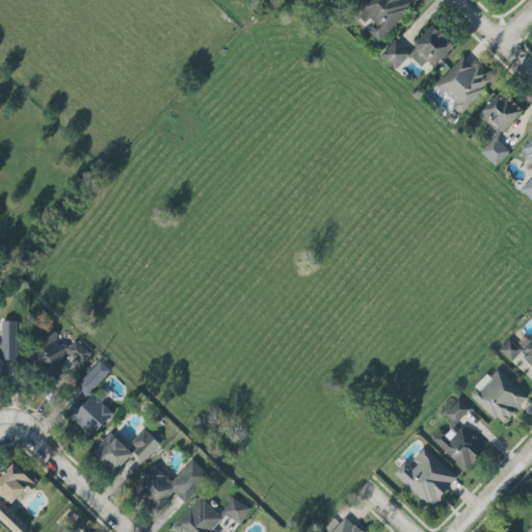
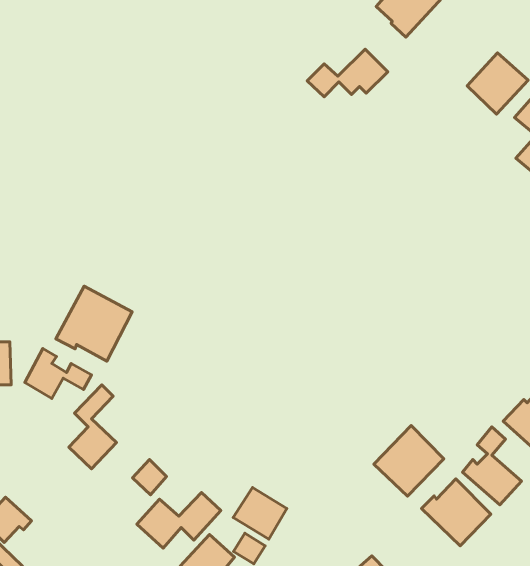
building: [380,25,454,69] -> [307,49,388,97]
building: none -> [56,286,132,361]
building: none -> [374,426,444,496]
building: [91,432,133,473] -> none
building: none -> [233,487,287,539]

